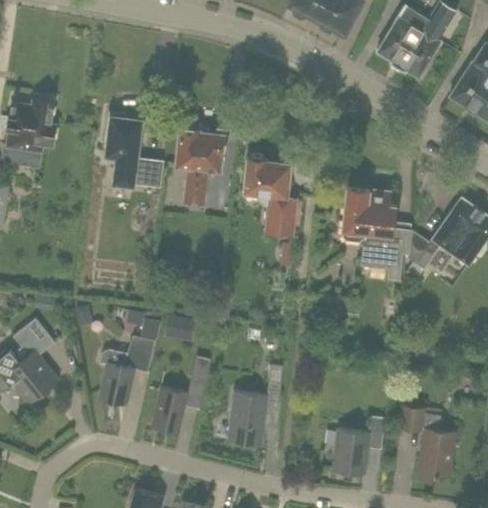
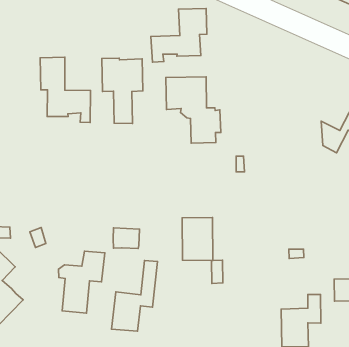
building: none -> [151,9,207,62]
building: [342,187,412,281] -> none
building: [127,309,162,339] -> none
building: [228,393,267,444] -> [182,217,213,261]

